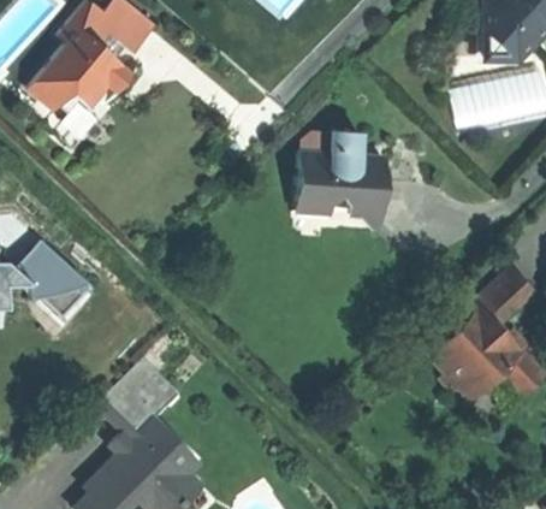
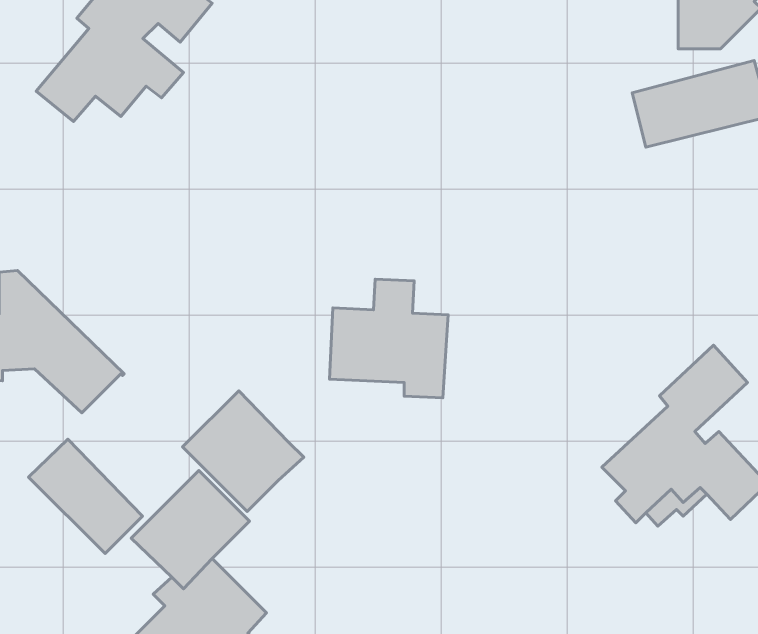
building: [298,134,382,218] -> [329,279,448,398]
building: none -> [183,391,304,511]
building: none -> [28,439,143,553]

